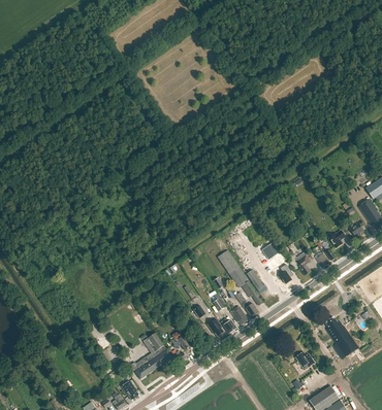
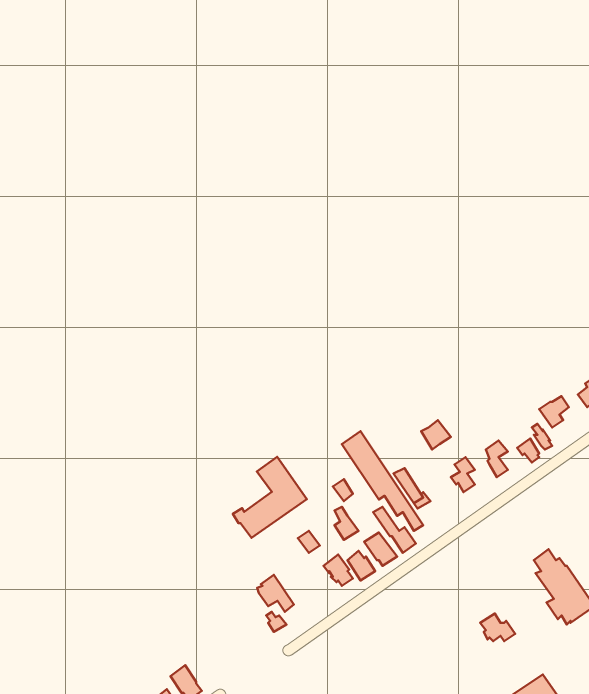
building: [130,333,171,378] -> [233,457,307,538]

